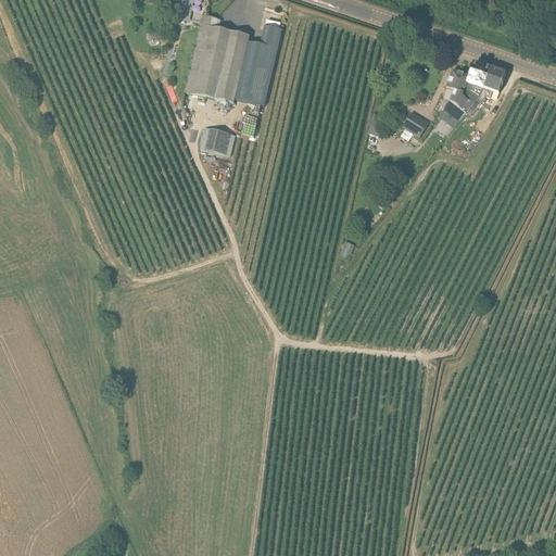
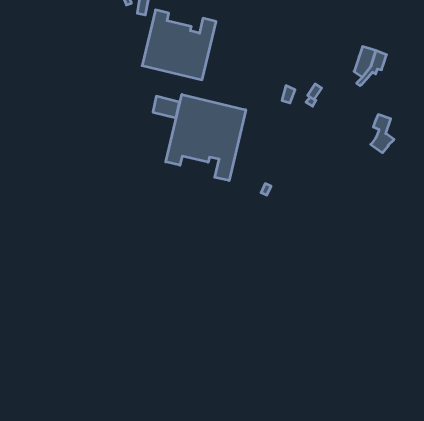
building: [444,68,475,118] -> [371,115,394,153]
building: none -> [166,94,246,181]

